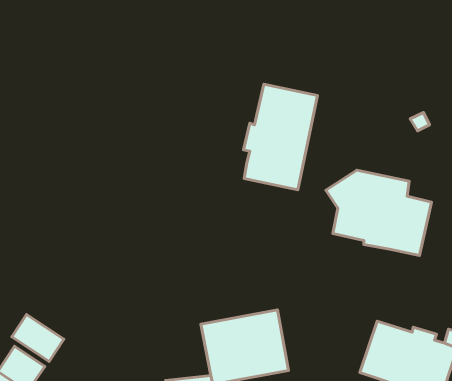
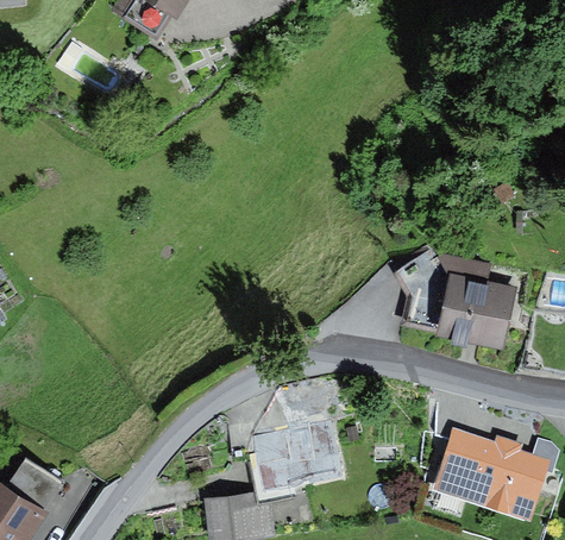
building: [243,84,317,190] -> none
building: [12,314,64,362] -> none

